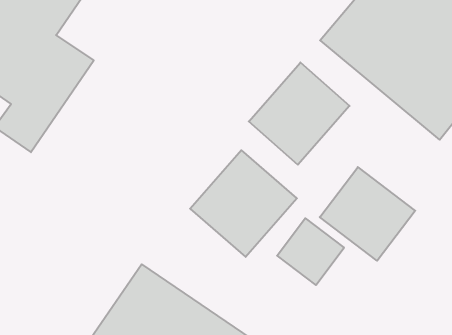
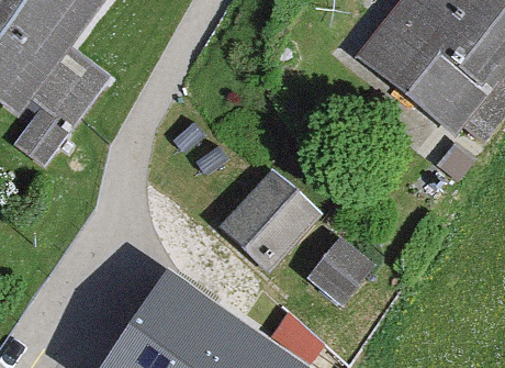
building: [249,62,350,165] -> none
building: [320,167,415,261] -> none

